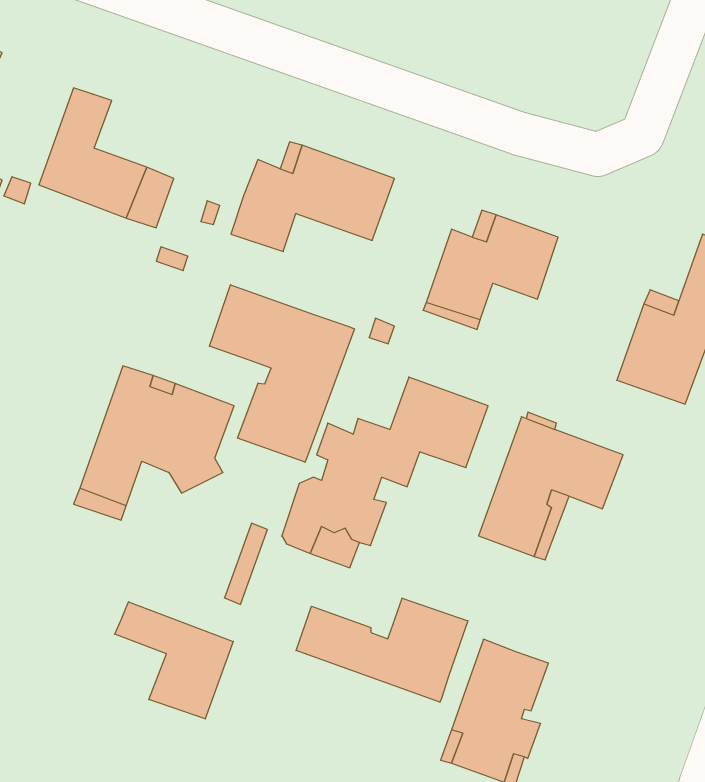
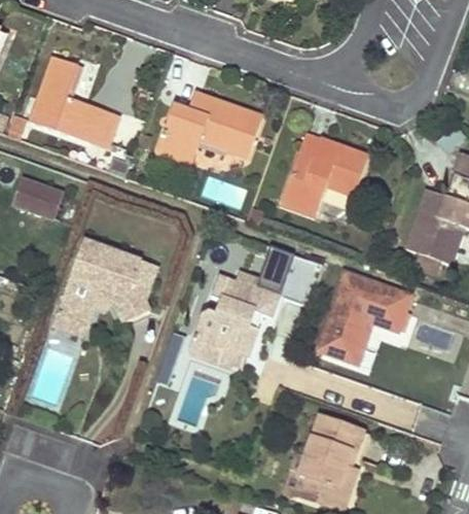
building: none -> [14,178,62,217]
building: [209,285,355,462] -> none
building: [296,598,468,702] -> none
building: [115,602,233,719] -> none

